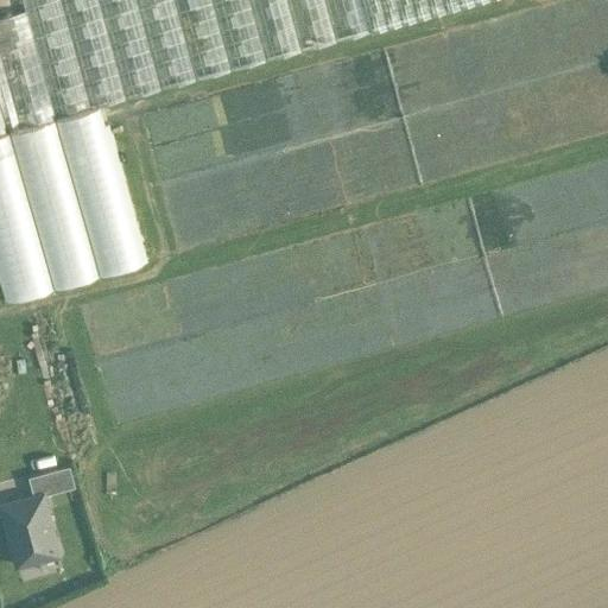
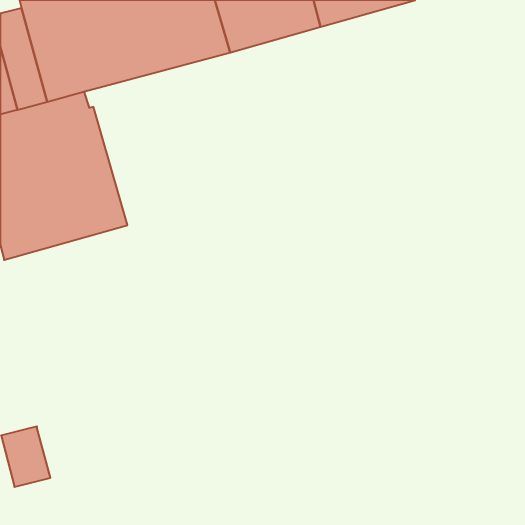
building: [28,464,75,495] -> none

